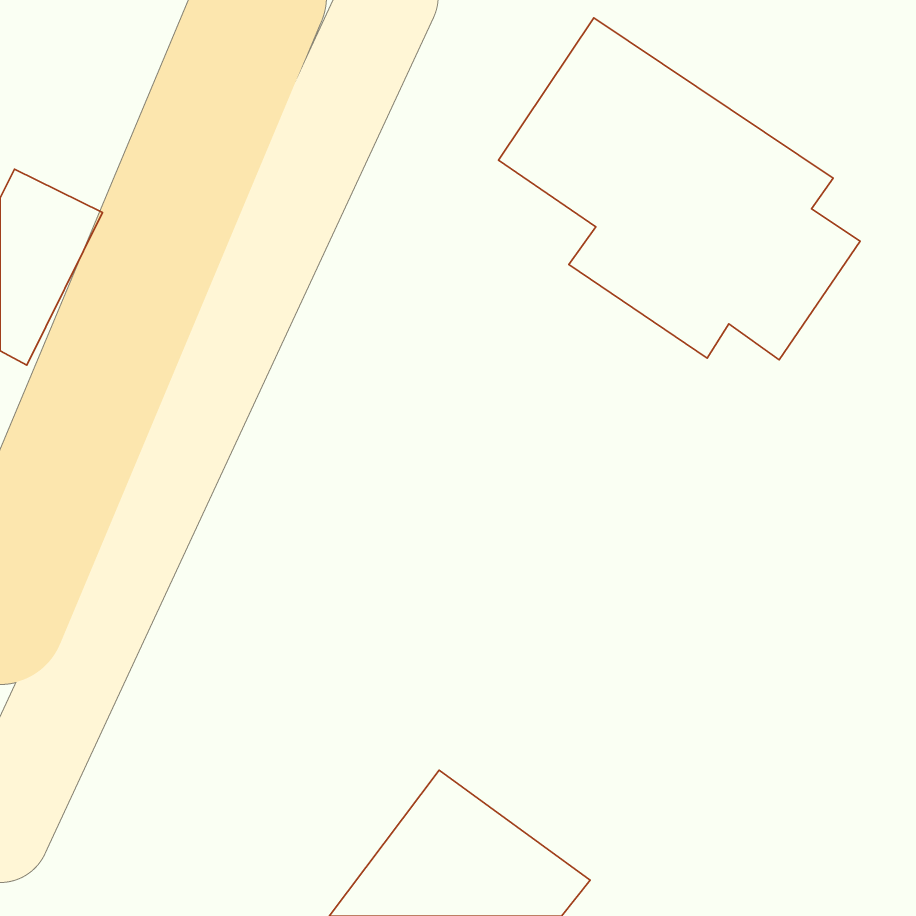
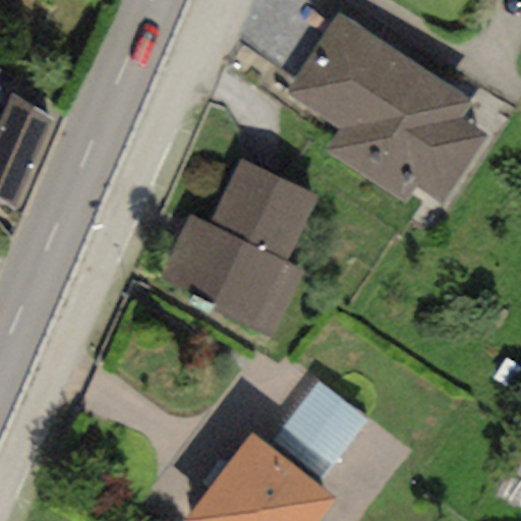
building: none -> [159,159,317,333]
building: none -> [276,383,367,477]

